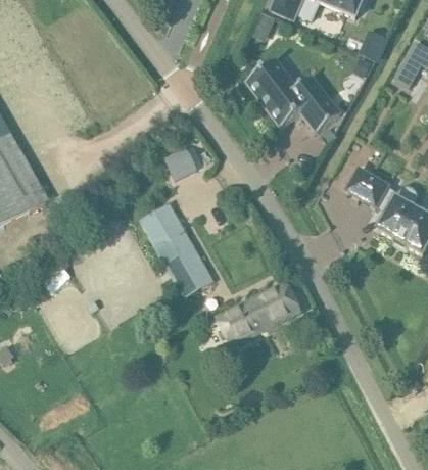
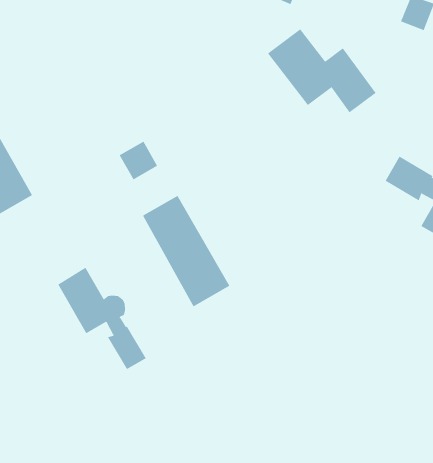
building: [162,144,196,178] -> [119,141,158,180]
building: none -> [57,267,147,370]
building: [218,283,298,343] -> none

